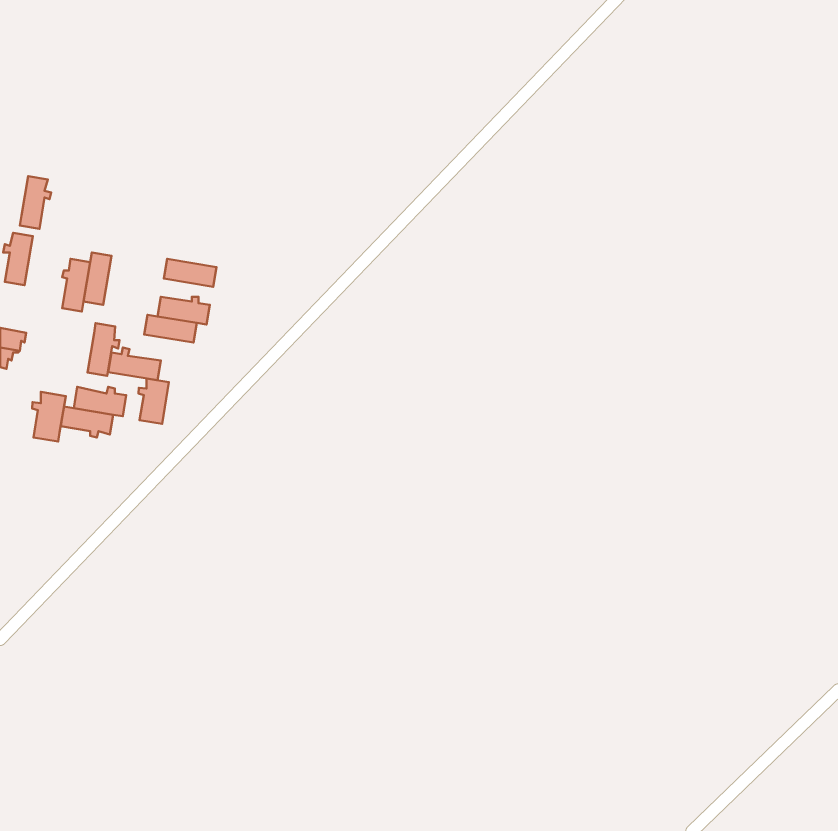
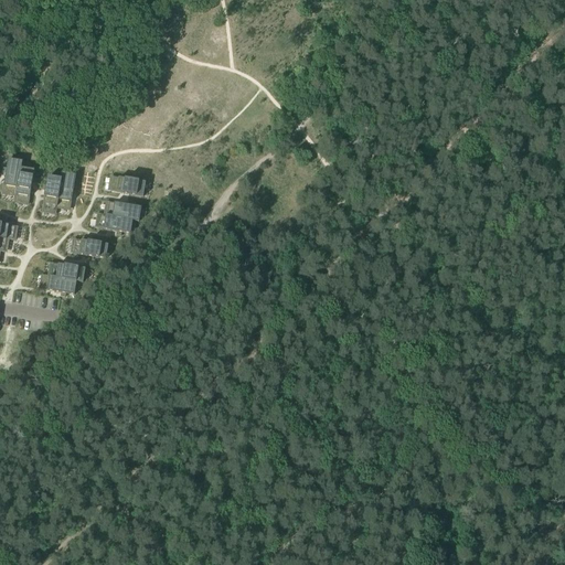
building: [20,176,51,229] -> [15,166,36,201]
building: [87,323,119,376] -> none
building: [138,378,169,424] -> none
building: [32,392,66,442] -> none

